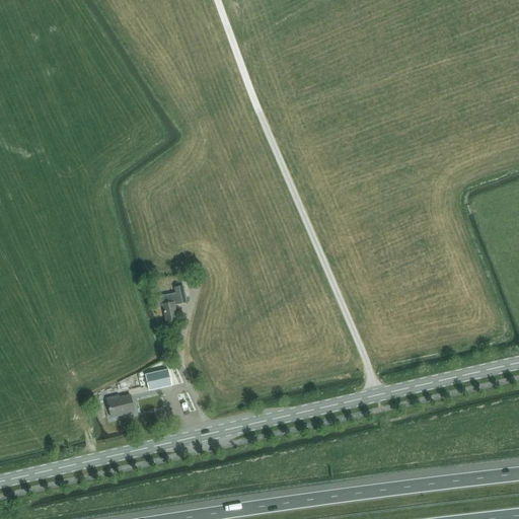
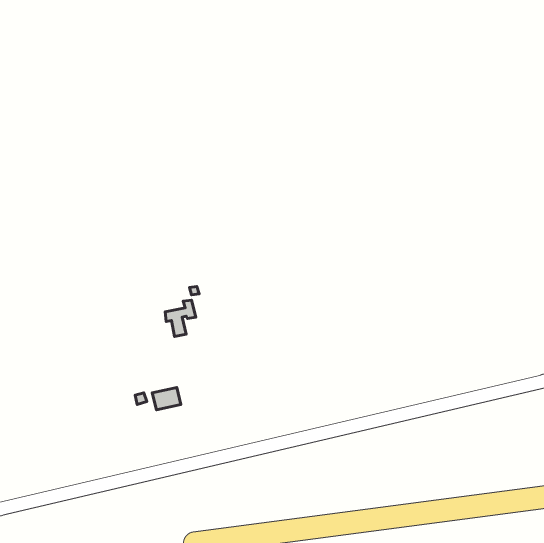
building: [106,394,134,417] -> none

